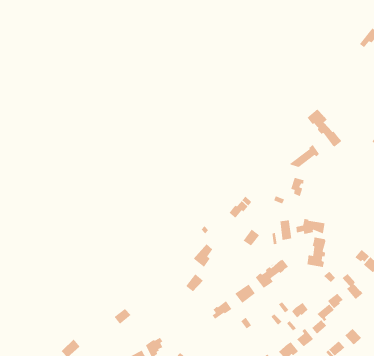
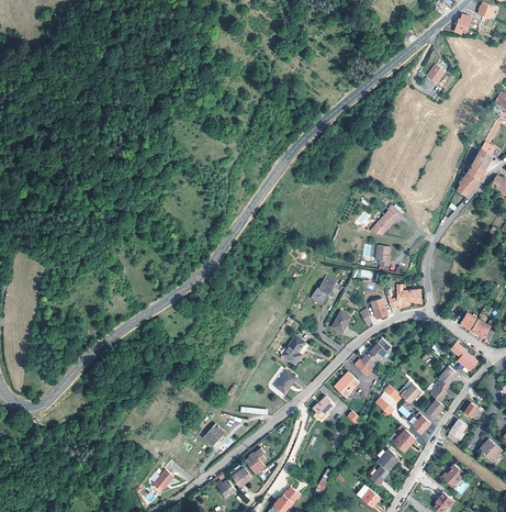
building: [306,108,343,148] -> none
building: [307,237,326,268] -> none

